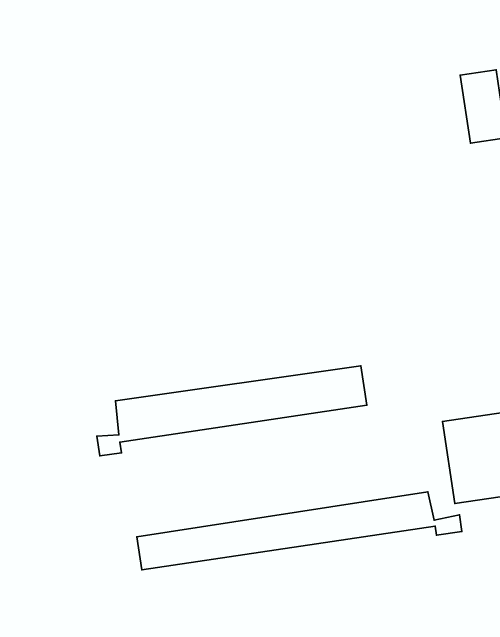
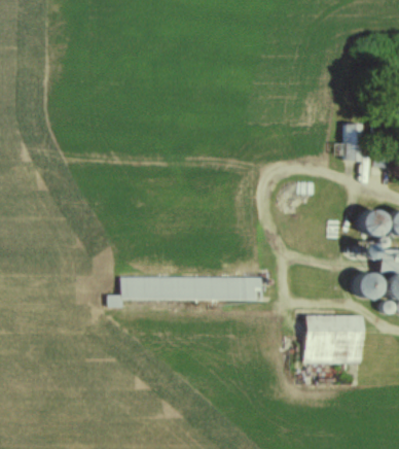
building: [137,492,462,570] -> none

